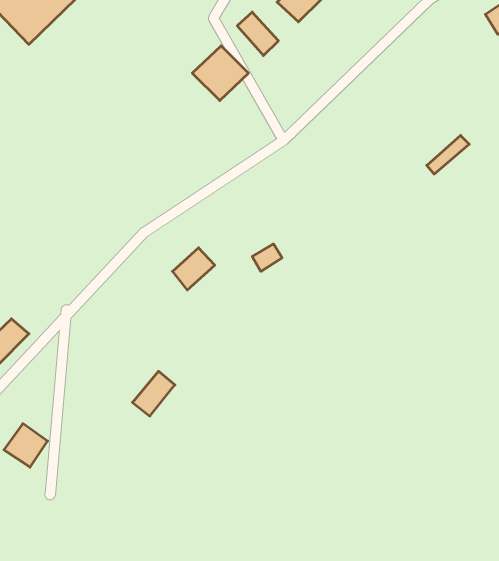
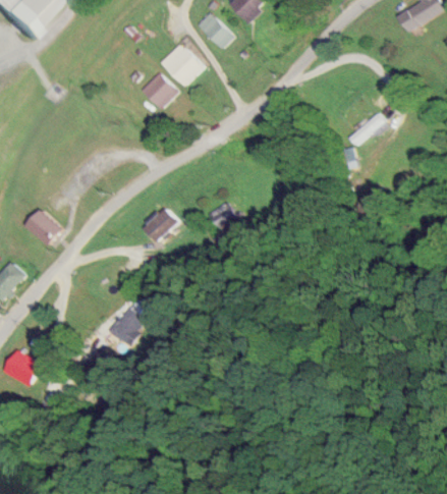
building: none -> [141,73,176,109]
building: none -> [26,210,62,246]

